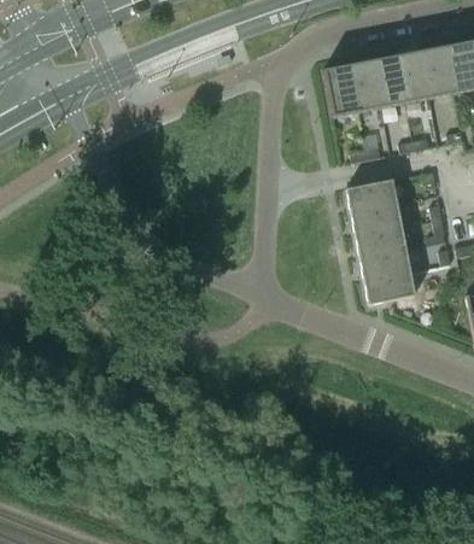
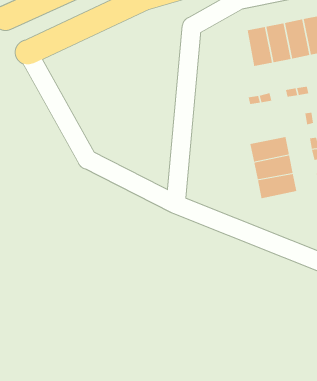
building: [324,64,357,116] -> none
building: [347,179,399,211] -> none
building: [367,273,417,305] -> none

